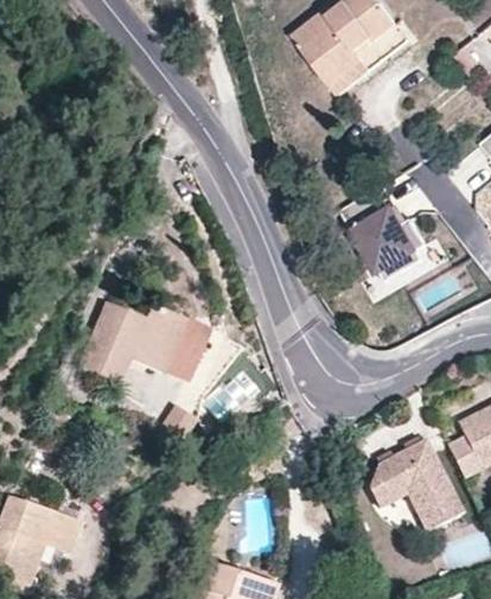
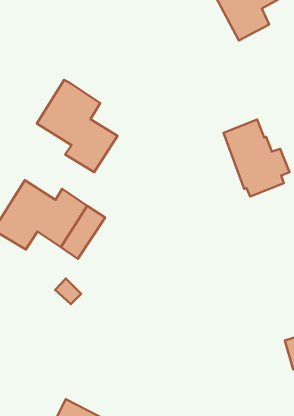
building: none -> [37,80,117,172]
building: [371,440,463,530] -> none

